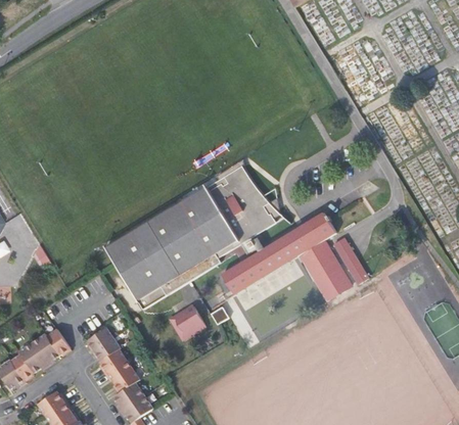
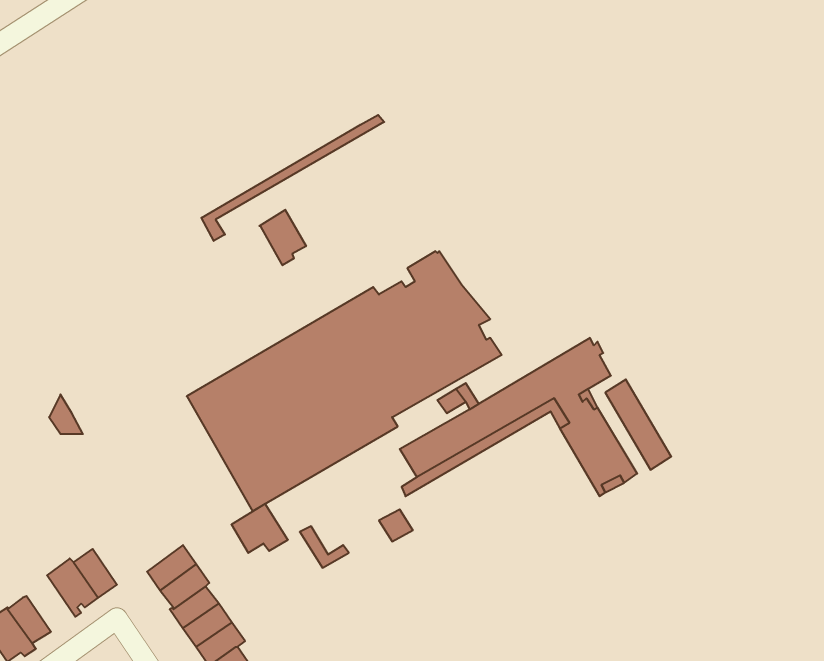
building: none -> [201,115,384,241]
building: none -> [259,210,306,265]
building: [175,303,205,330] -> [231,504,288,553]
building: [18,341,47,372] -> none

